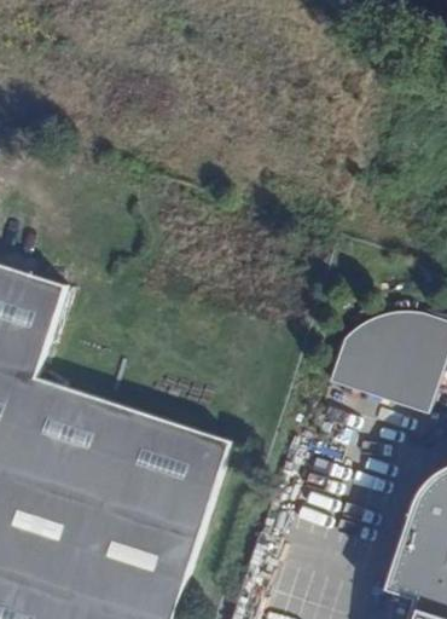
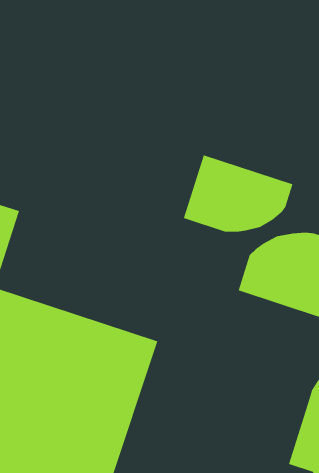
building: none -> [183,155,293,232]

